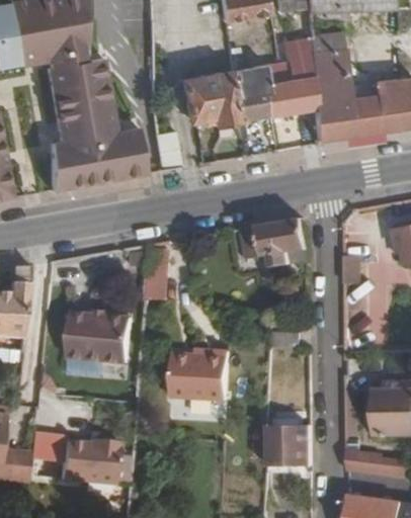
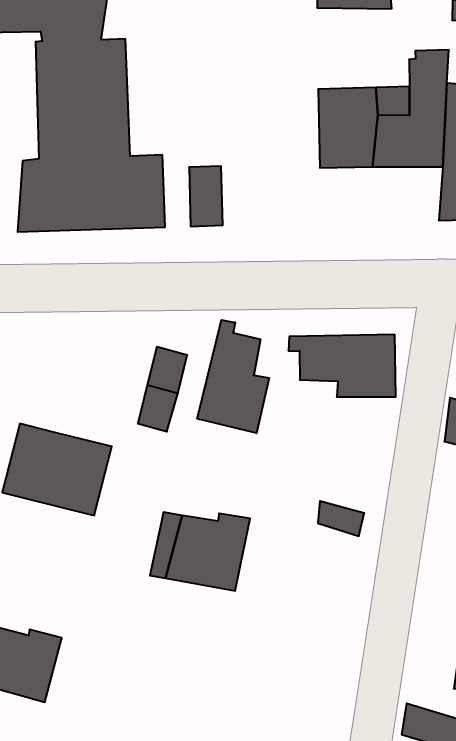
building: [180,71,237,125] -> none
building: none -> [197,320,269,433]
building: [266,423,312,465] -> none

